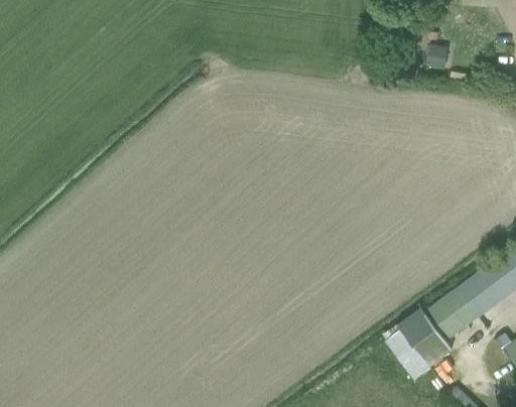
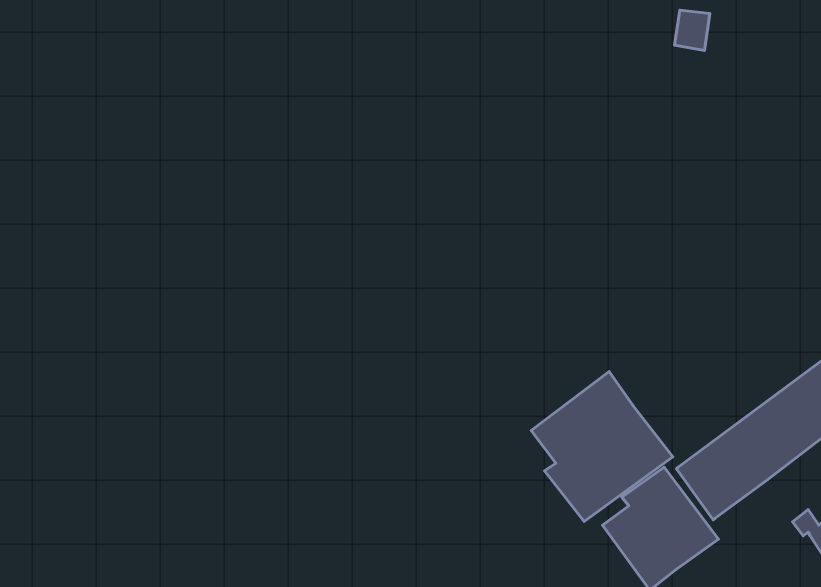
building: none -> [531,371,673,522]

